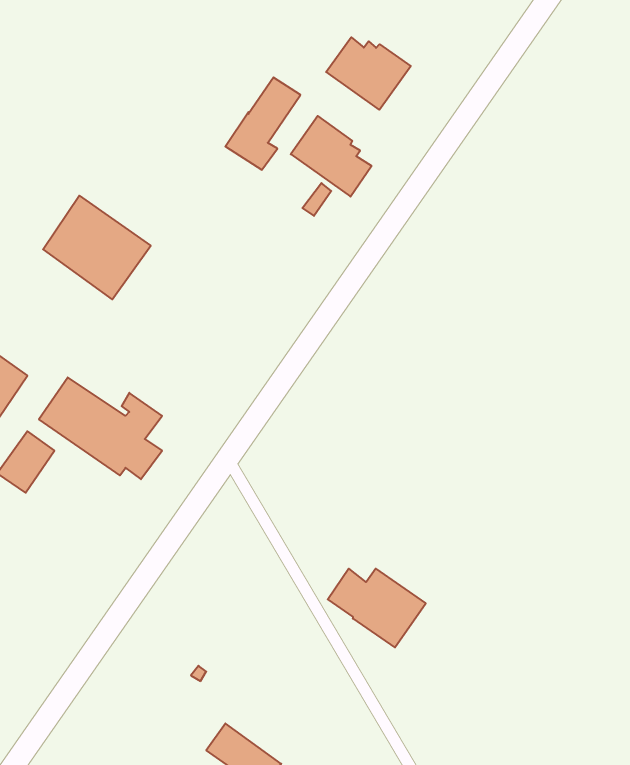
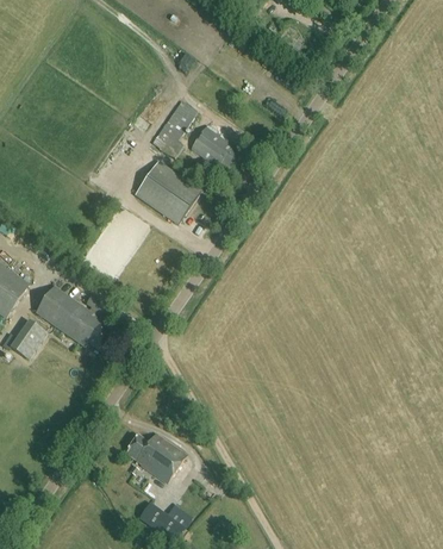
building: [326,37,411,110] -> none
building: [43,196,151,299] -> [135,160,201,224]
building: [328,569,426,647] -> [125,433,186,482]

